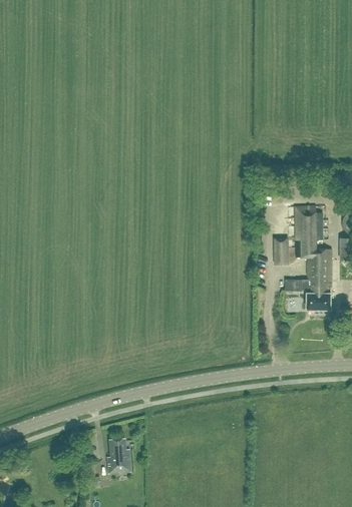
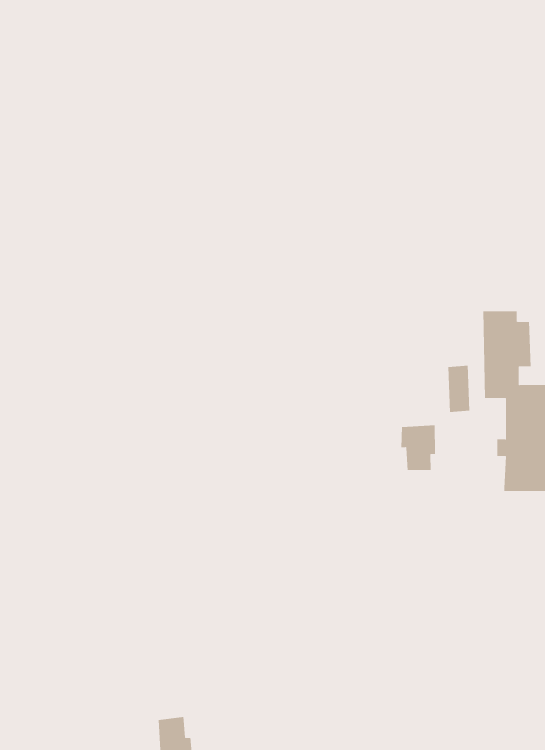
building: none -> [401,425,436,471]

